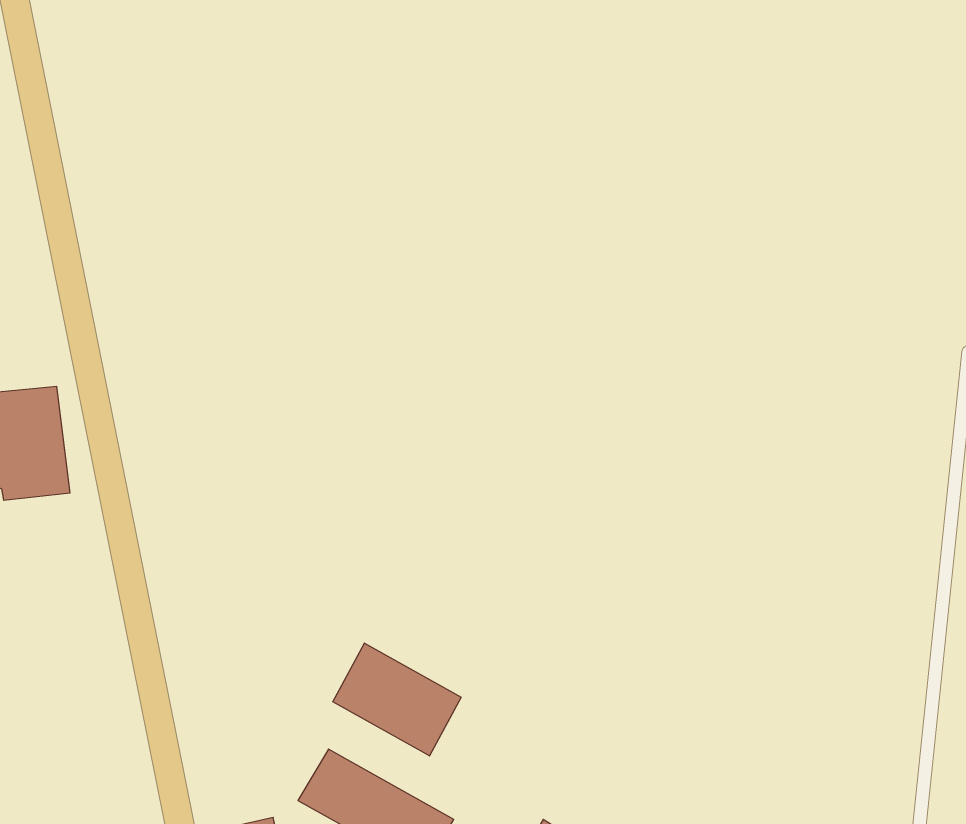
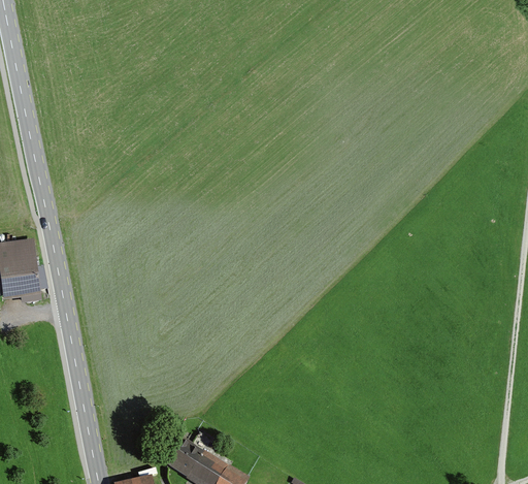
building: [333,643,461,756] -> none

